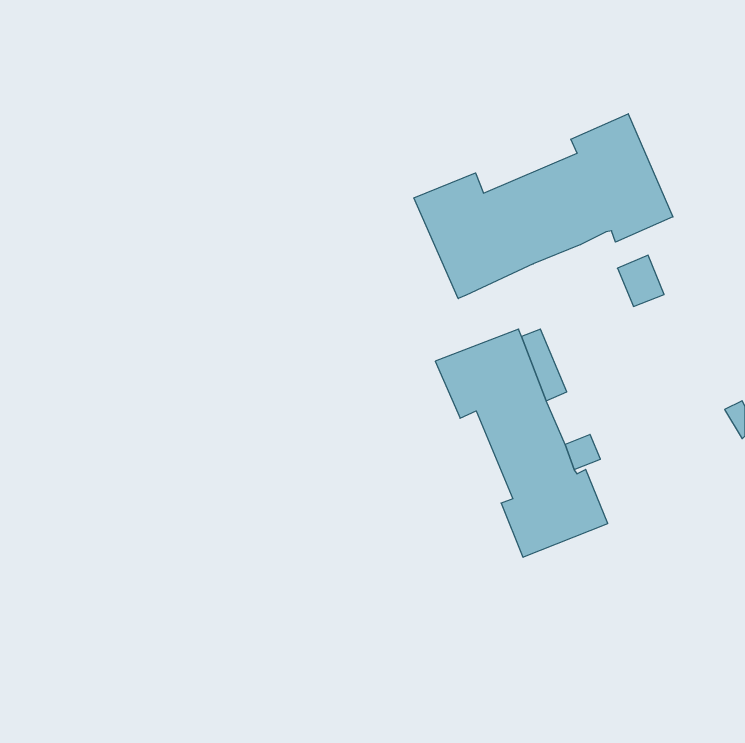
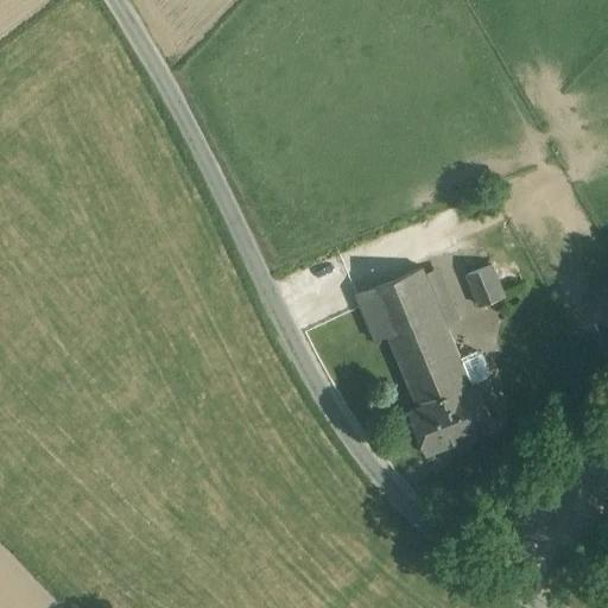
building: [414,114,673,299] -> none
building: [617,255,664,306] -> [466,267,504,309]

